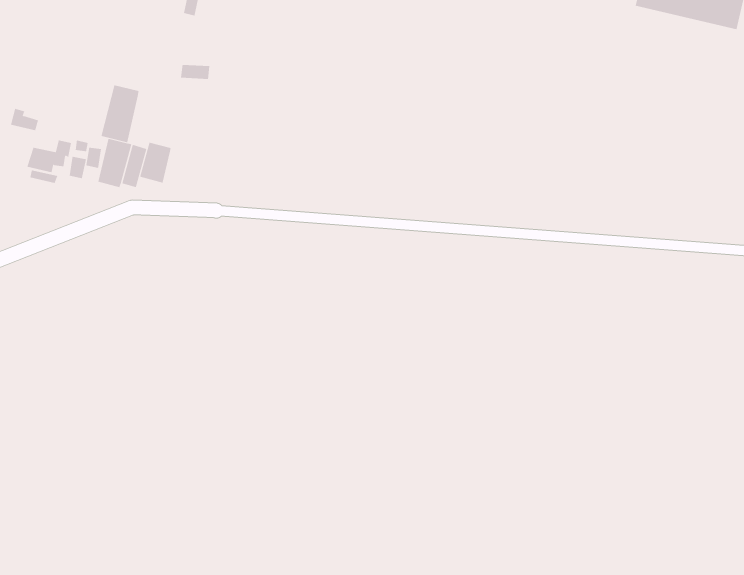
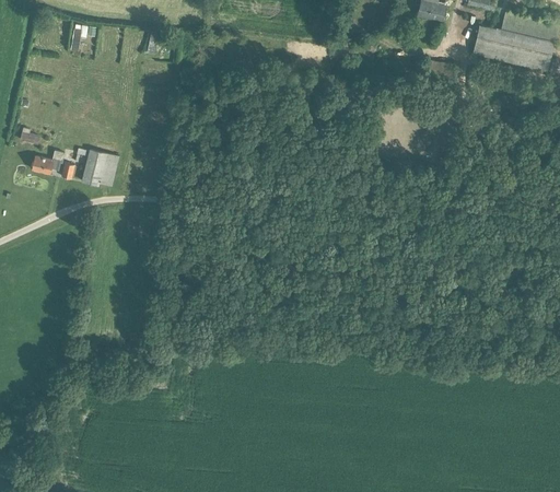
building: [101,85,139,143] -> none
building: [139,142,171,183] -> none

